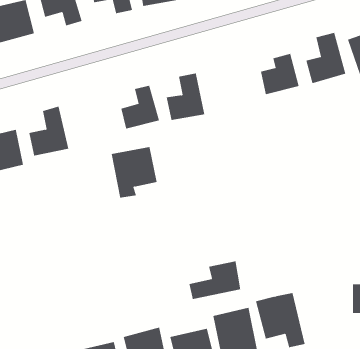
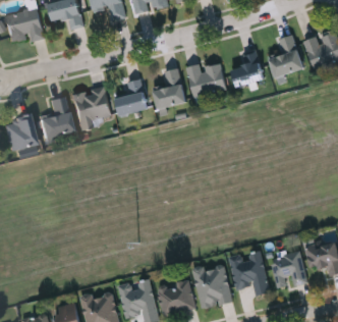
building: none -> [187,61,225,96]
building: [111,147,158,198] -> [71,87,110,129]
building: [189,261,241,300] -> none
building: none -> [269,252,306,289]

